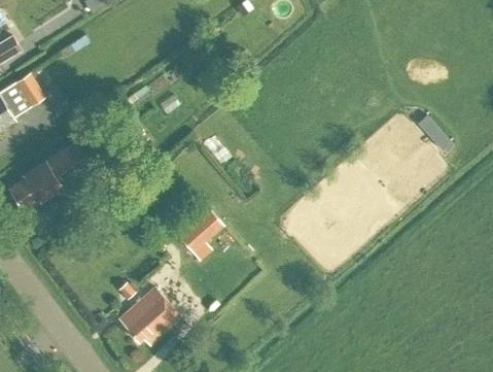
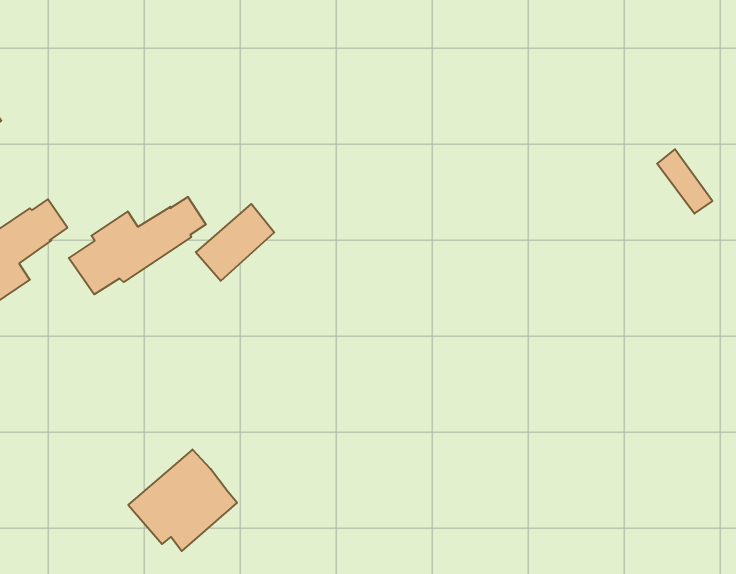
building: none -> [69,197,206,294]
building: [176,209,221,253] -> [196,204,274,281]

